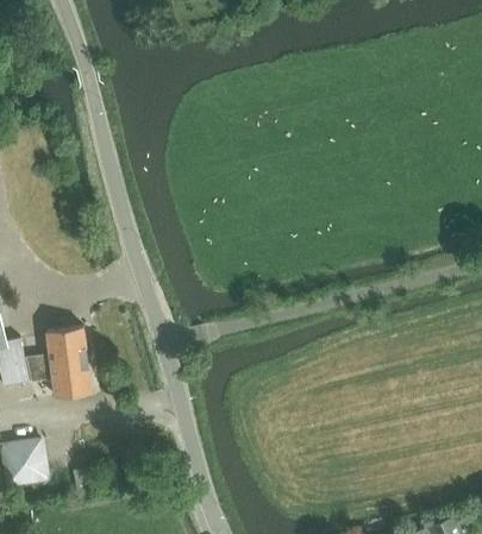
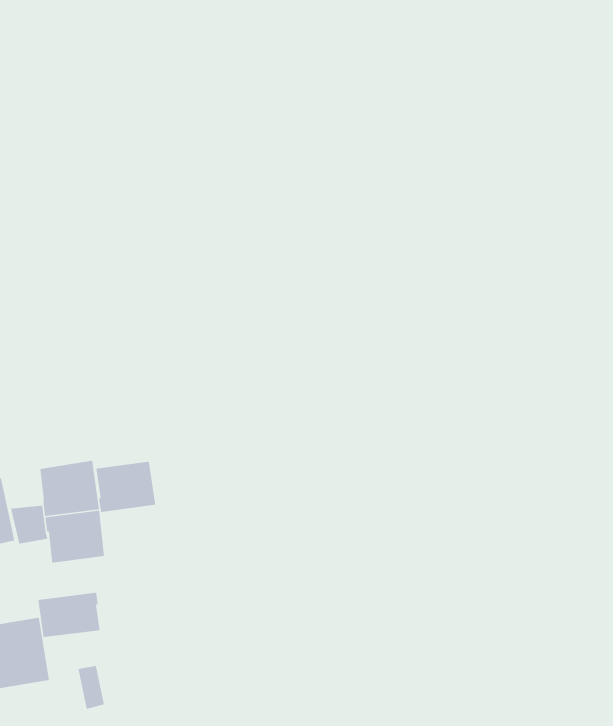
building: none -> [95,461,156,513]
building: none -> [37,592,101,638]

